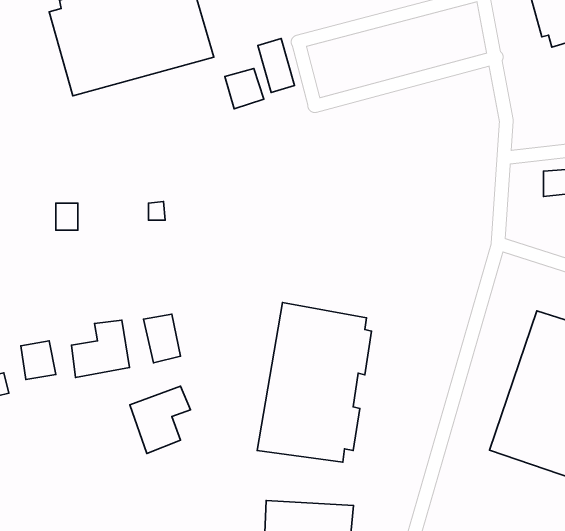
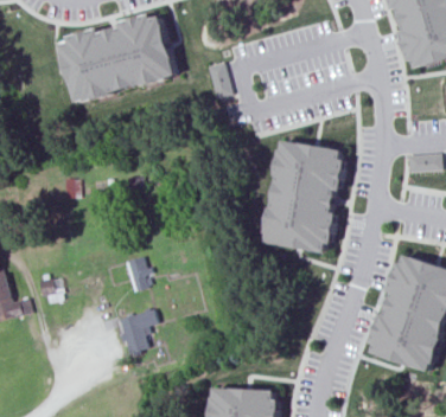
building: [225,69,264,109] -> none
building: [257,303,372,462] -> [261,139,342,251]
building: [71,320,130,377] -> none

